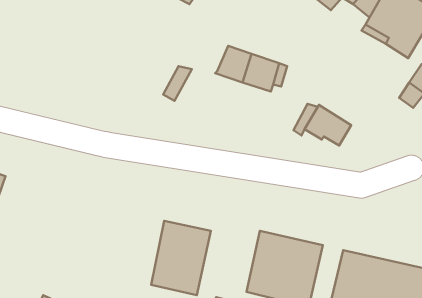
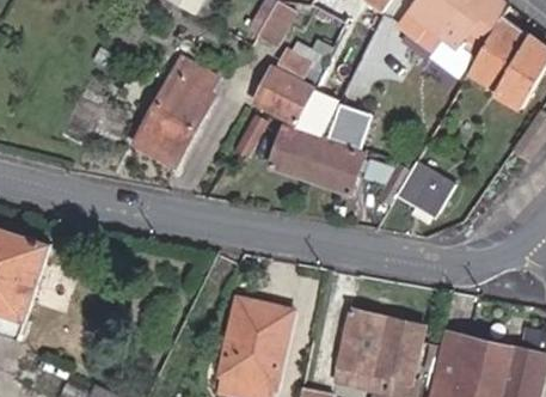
building: none -> [256,44,326,123]
building: none -> [135,59,214,163]
building: none -> [270,126,362,191]

